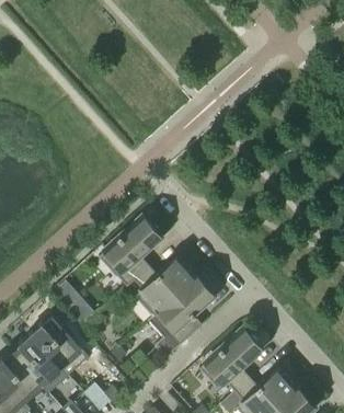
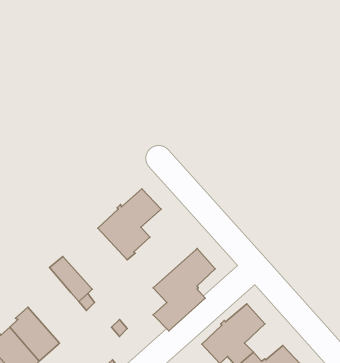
building: [134,257,194,313] -> none
building: [31,316,89,375] -> none

